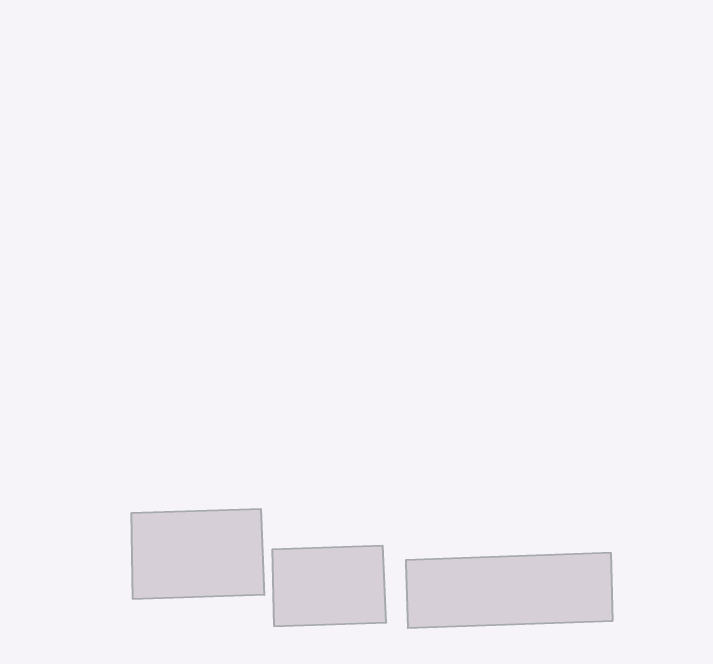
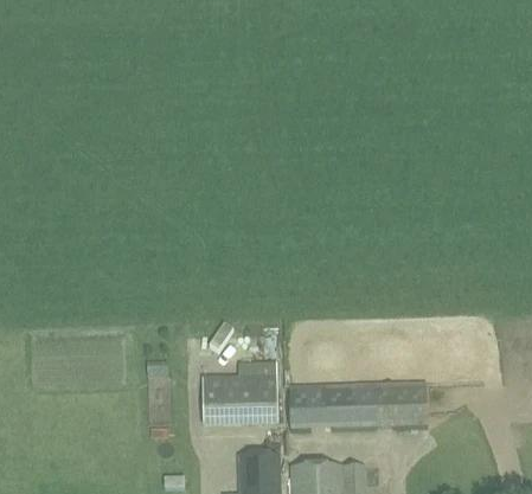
building: [132,509,264,599] -> none

